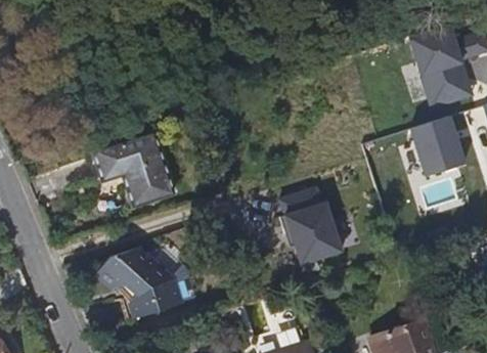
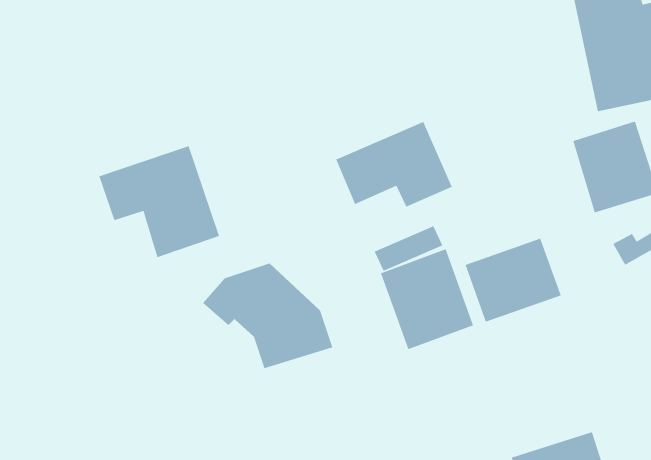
building: none -> [336,121,453,207]
building: none -> [465,238,561,322]
building: [96,247,183,317] -> [202,263,333,369]

